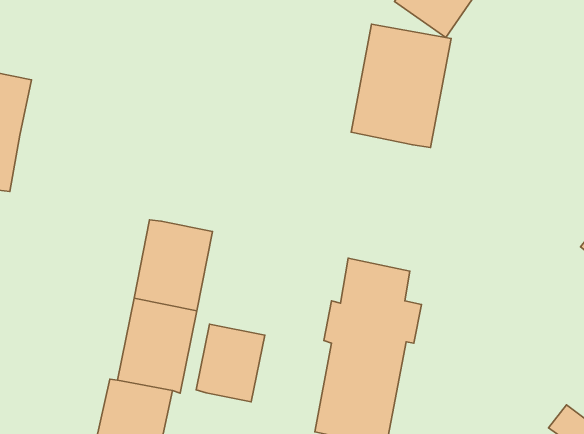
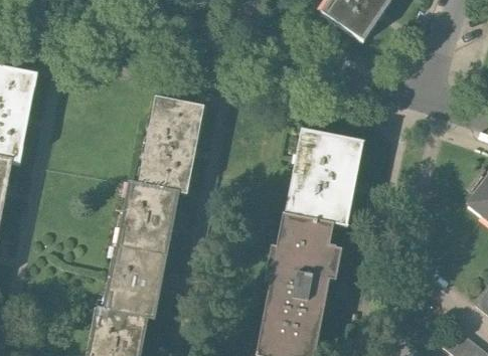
building: [351,24,451,148] -> [285,130,363,226]
building: none -> [138,99,203,195]
building: [196,324,265,402] -> none

